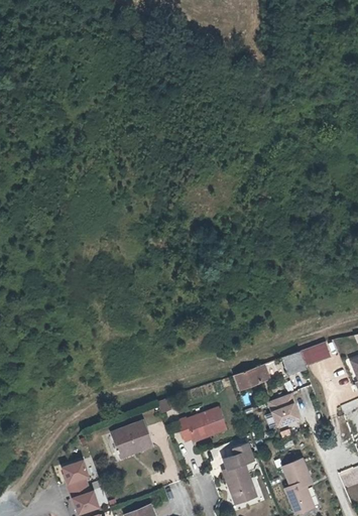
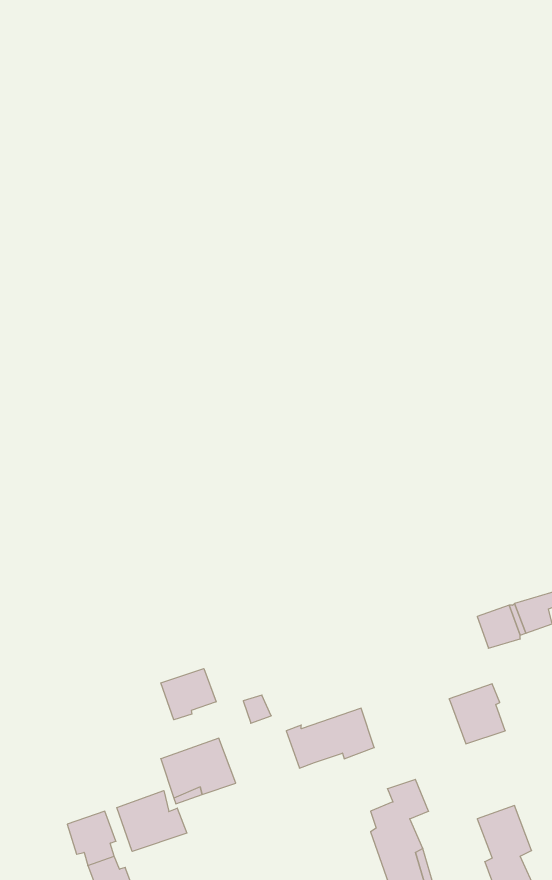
building: [235,364,268,389] -> none
building: none -> [161,669,216,720]
building: none -> [117,791,187,851]

